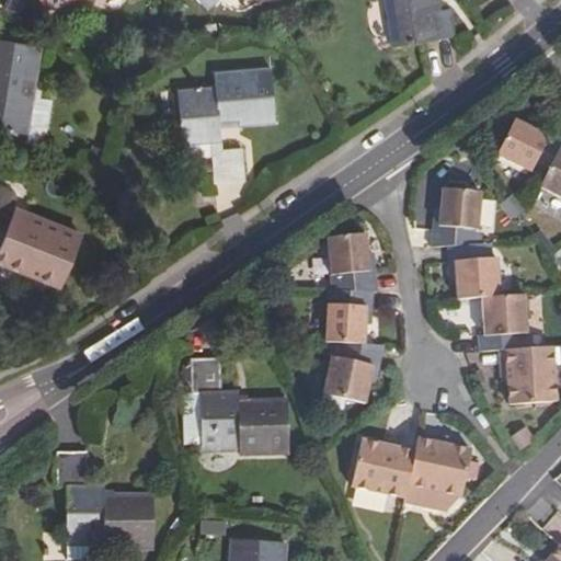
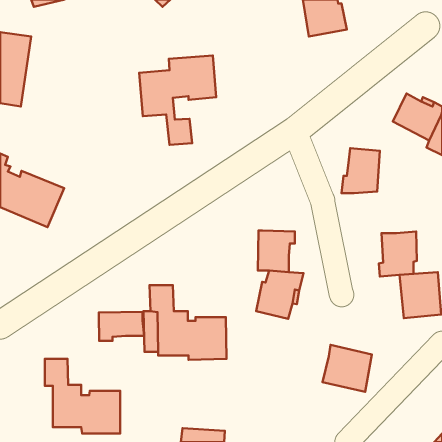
building: [328,233,379,293] -> none
building: [448,241,502,297] -> none
building: none -> [99,312,144,341]
building: [352,438,416,495] -> none

